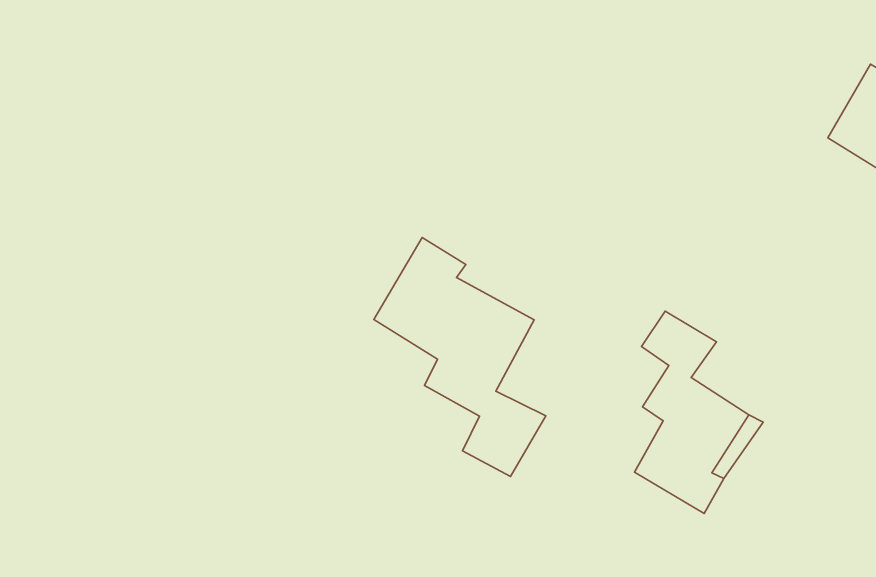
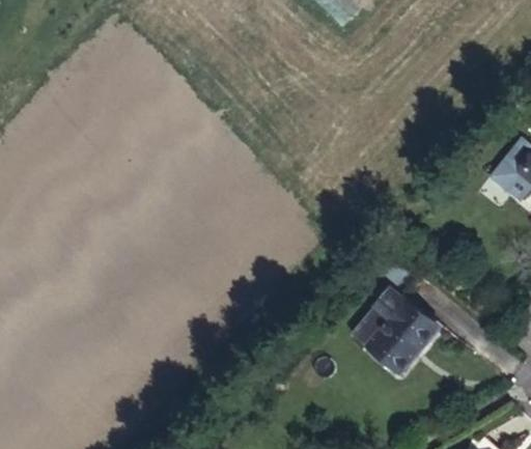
building: [374,238,546,476] -> none

